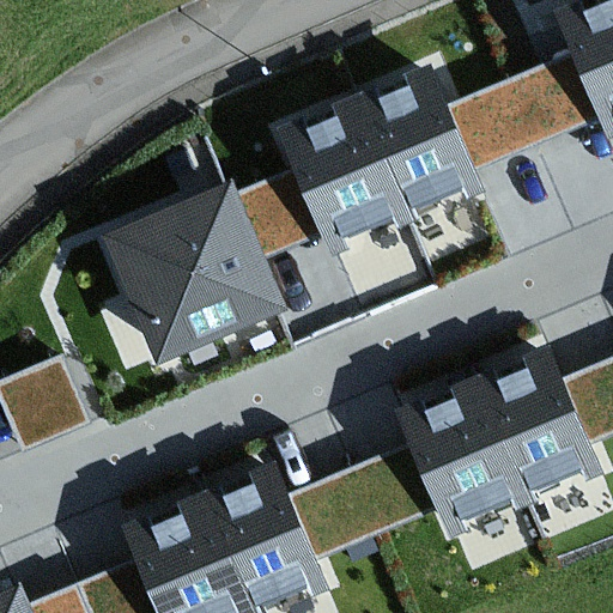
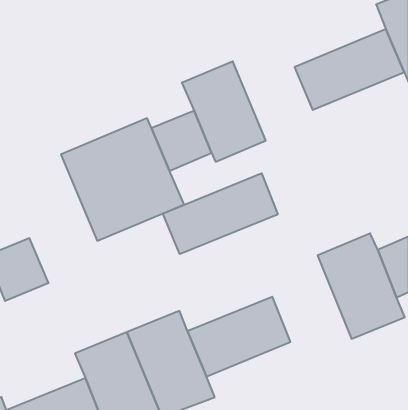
building: [354,68,477,214] -> none
building: none -> [163,173,278,254]
building: [400,382,527,535] -> none

